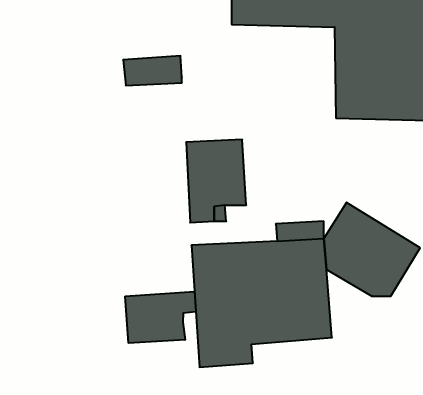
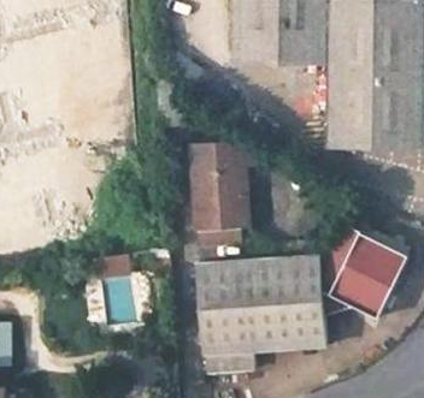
building: [123,56,182,85] -> [190,142,243,168]
building: [125,292,196,343] -> none

